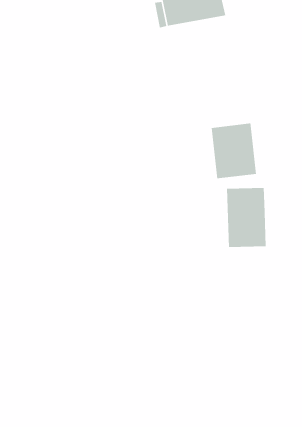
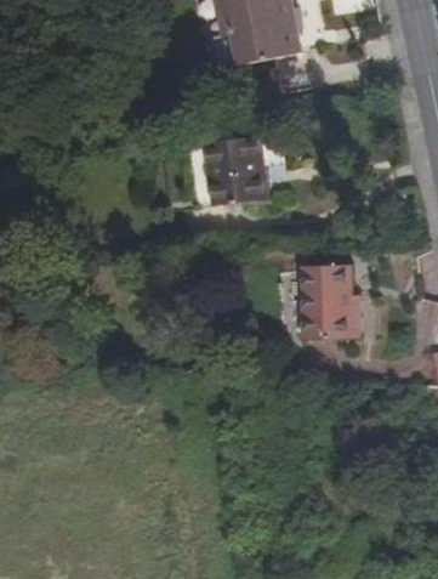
building: [211,123,257,179] -> [210,136,267,205]

